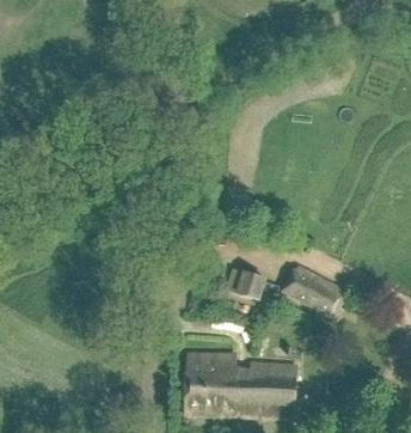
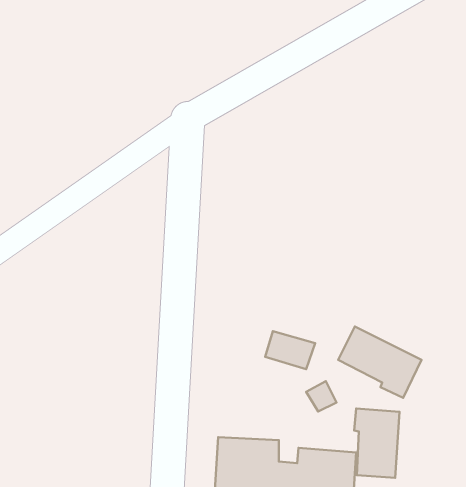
building: none -> [354,408,400,478]

